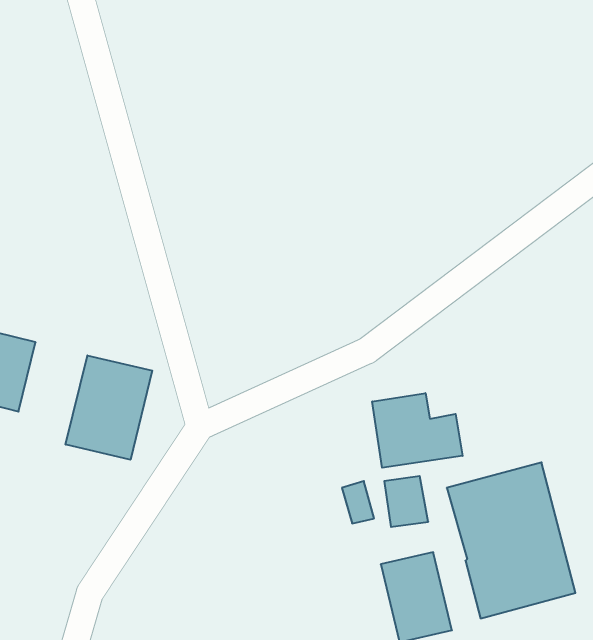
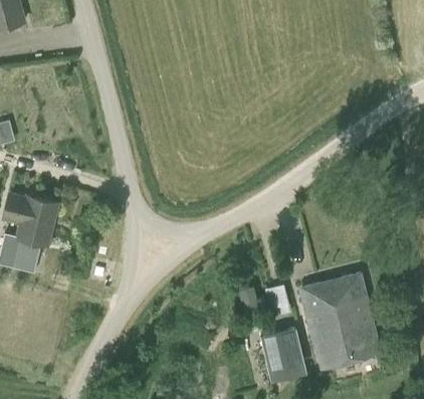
building: [66,355,152,460] -> none
building: [372,393,463,468] -> none

